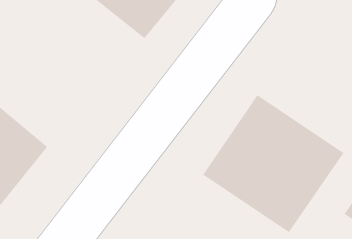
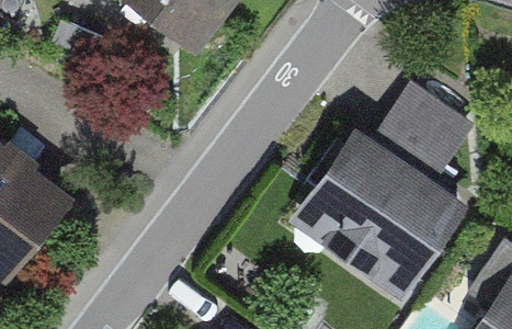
building: none -> [374,76,473,171]

